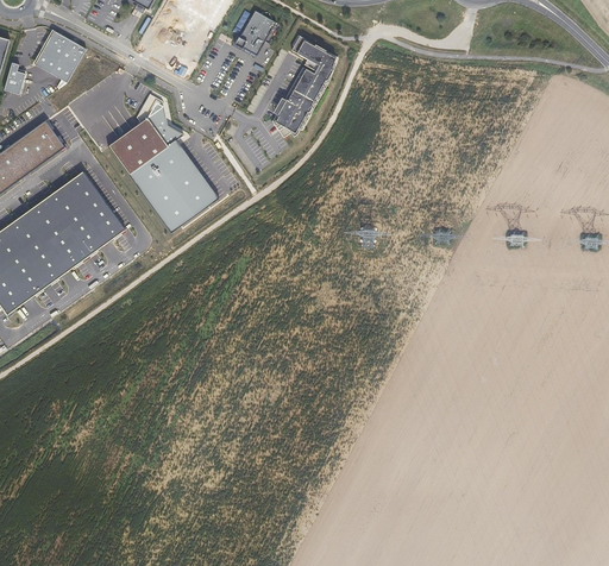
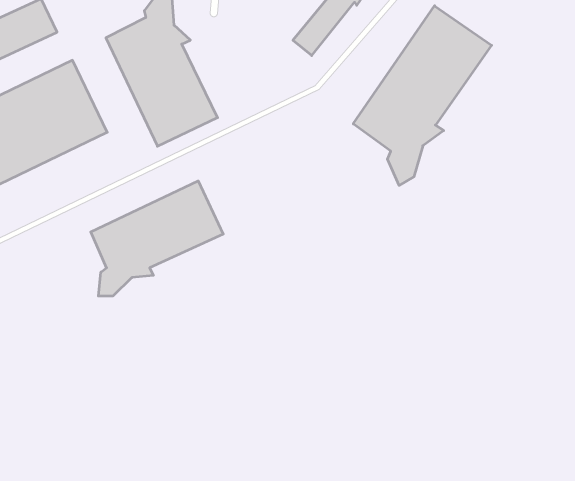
building: none -> [353,6,492,185]
building: none -> [91,181,223,296]

